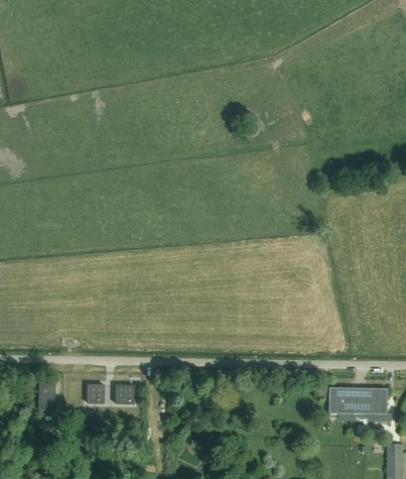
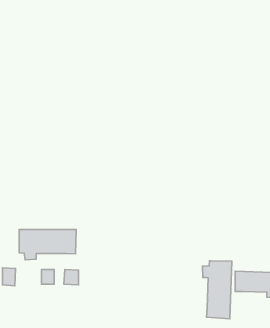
building: none -> [19,229,76,260]
building: none -> [203,261,232,319]

